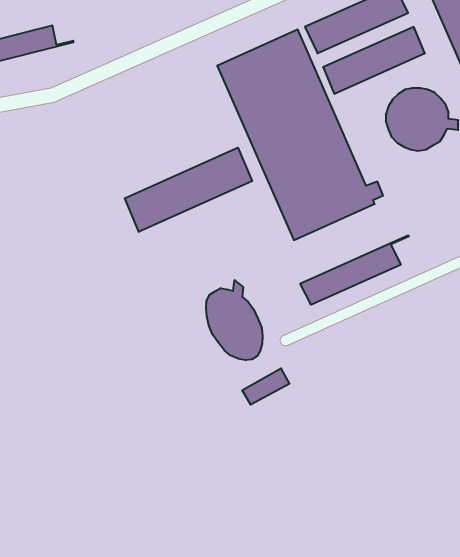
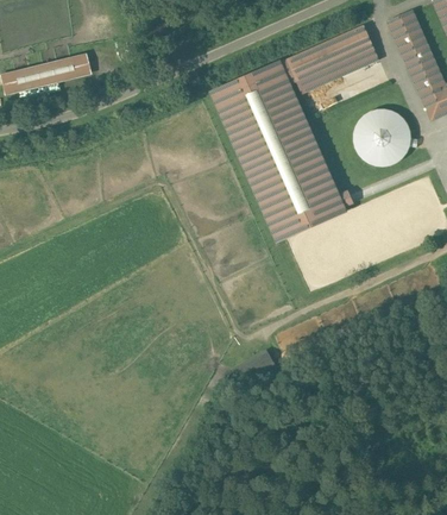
building: [125,148,252,232] -> none
building: [300,235,409,305] -> none
building: [206,280,263,360] -> none

